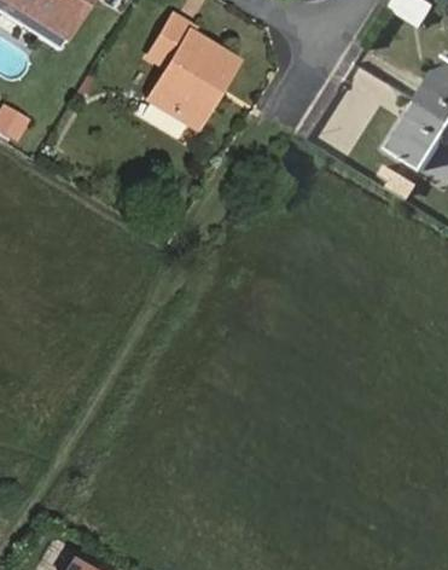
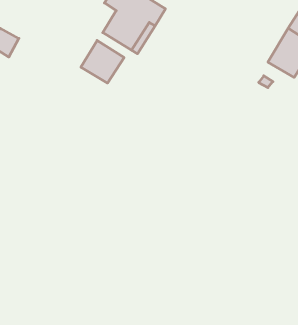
building: none -> [81,40,124,83]

